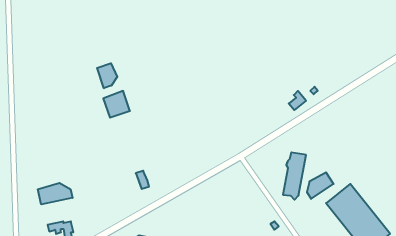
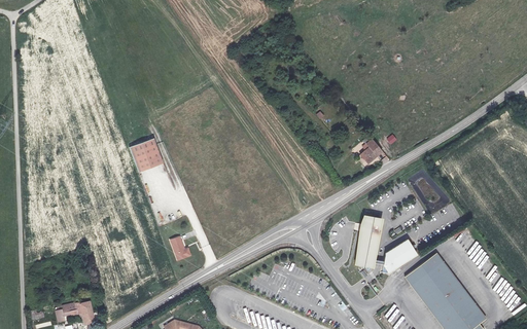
building: [97,63,117,88] -> none
building: [38,183,73,204] -> none

